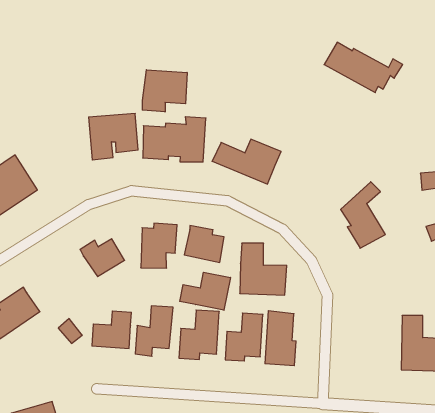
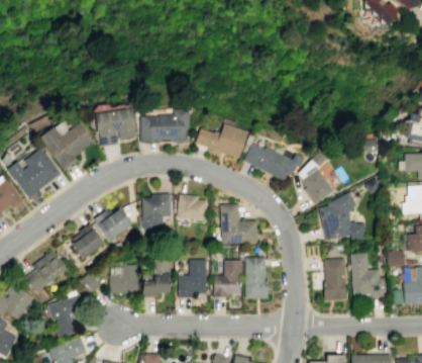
building: [324,42,403,93] -> [242,143,304,180]
building: [142,70,187,112] -> none
building: none -> [38,121,93,172]
building: none -> [319,191,364,241]
building: none -> [73,222,103,258]
building: [180,272,230,310] -> none
building: none -> [324,257,347,299]
building: none -> [47,293,86,338]

